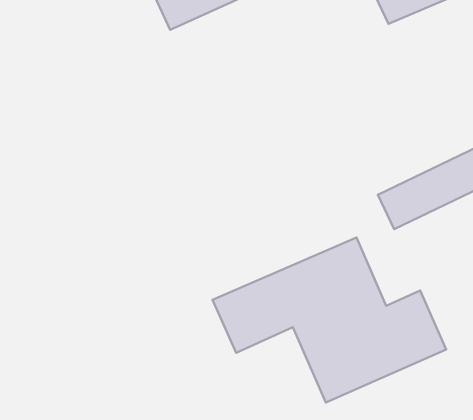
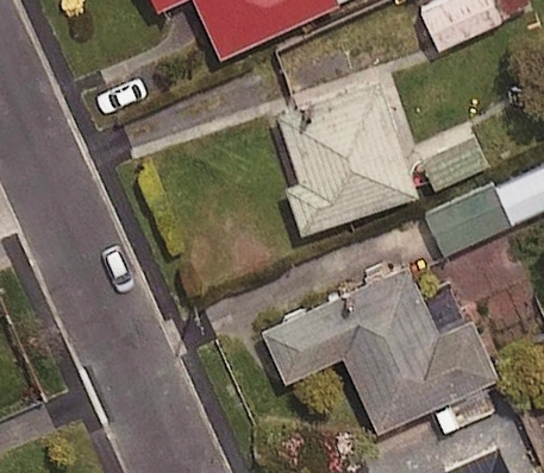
building: none -> [277,83,421,234]

